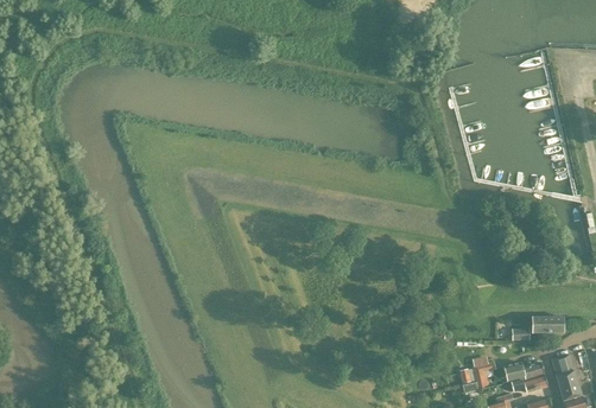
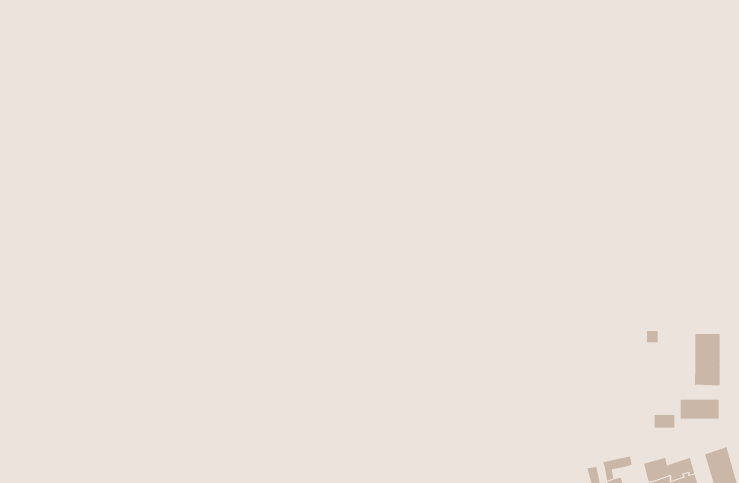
building: none -> [694,333,720,386]

